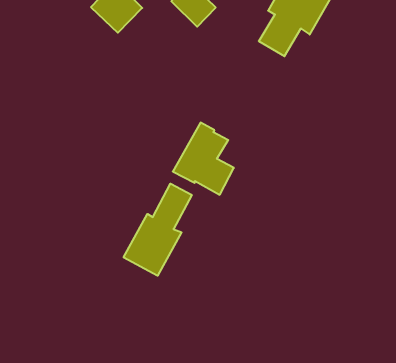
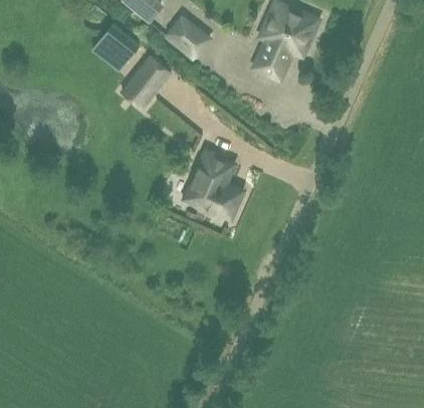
building: none -> [123,53,172,106]
building: [124,184,192,276] -> none

